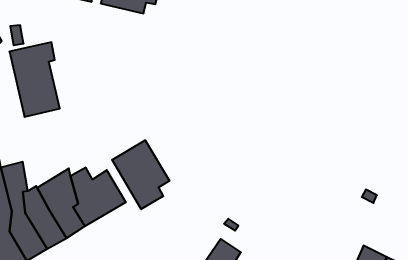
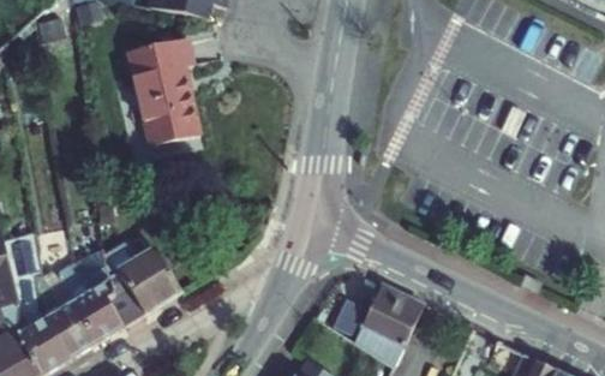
building: [9,42,60,117] -> [127,40,199,147]
building: [112,140,169,209] -> none
building: none -> [351,285,423,369]

